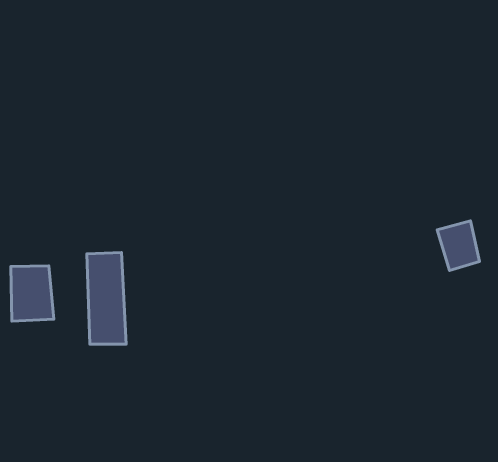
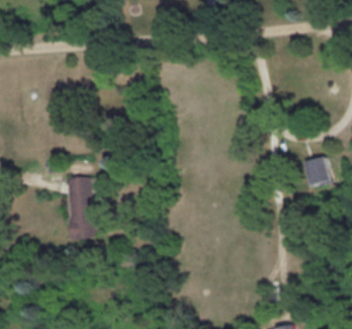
building: [11,266,54,321] -> none

